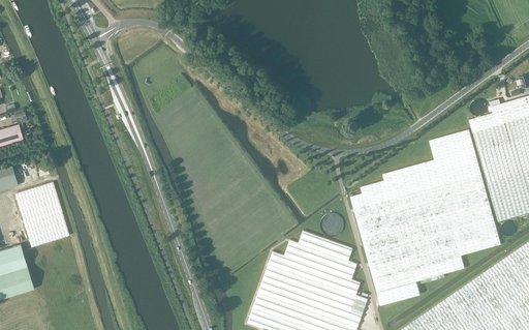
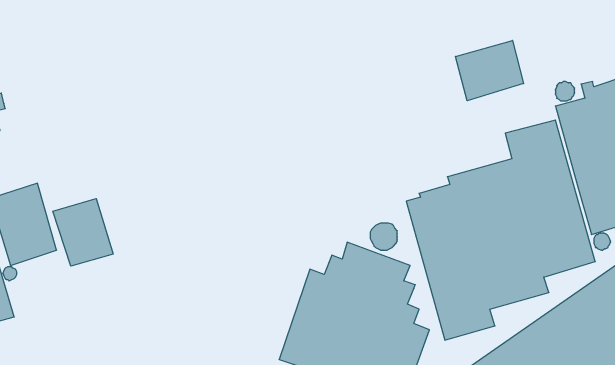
building: none -> [455,40,524,101]
building: none -> [53,199,113,266]

